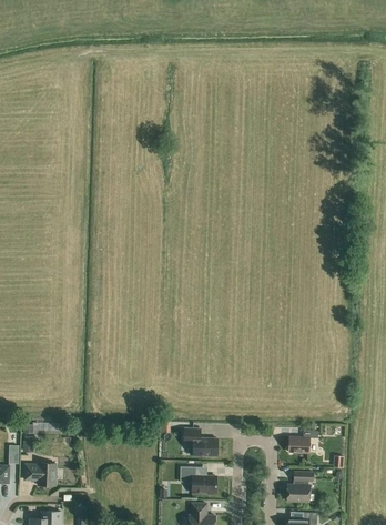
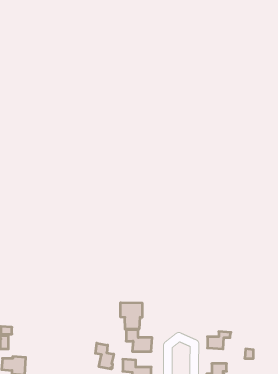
building: none -> [121,303,142,329]
building: none -> [95,343,114,369]

